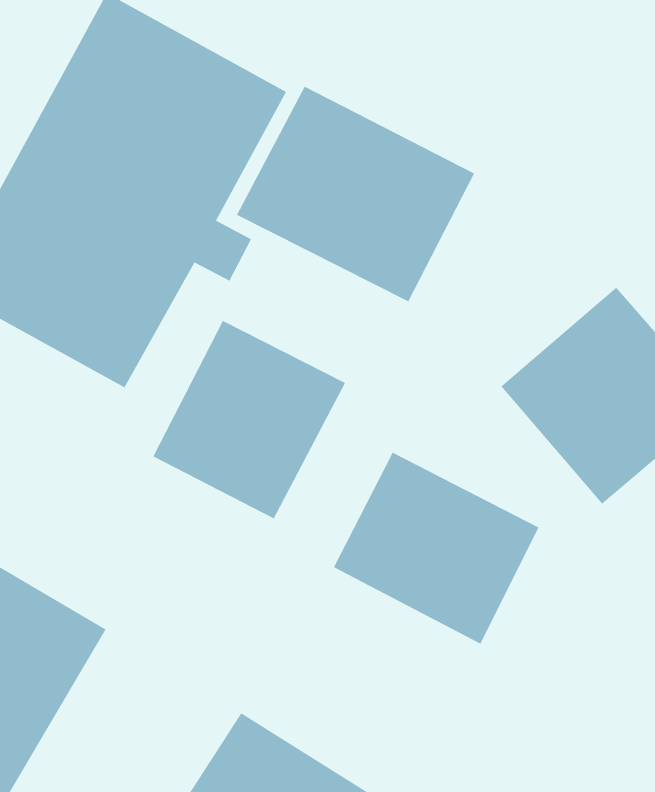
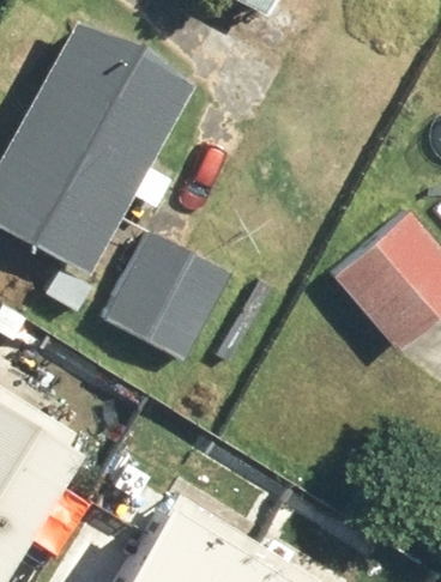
building: [236,86,475,302] -> none
building: [333,452,539,645] -> none

